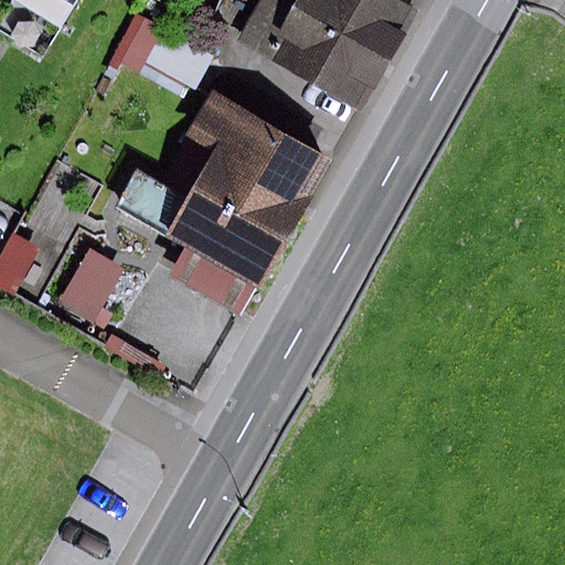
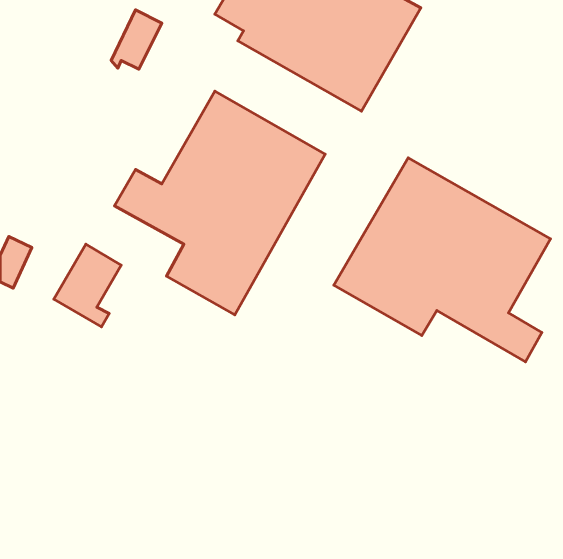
building: none -> [334,158,550,362]

